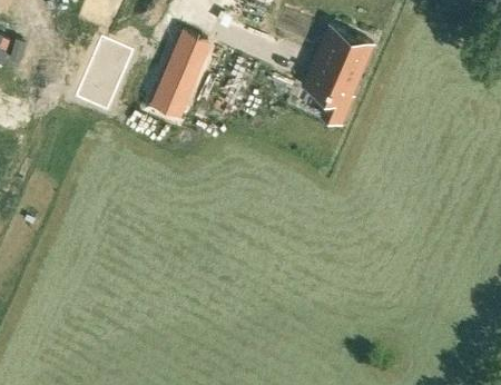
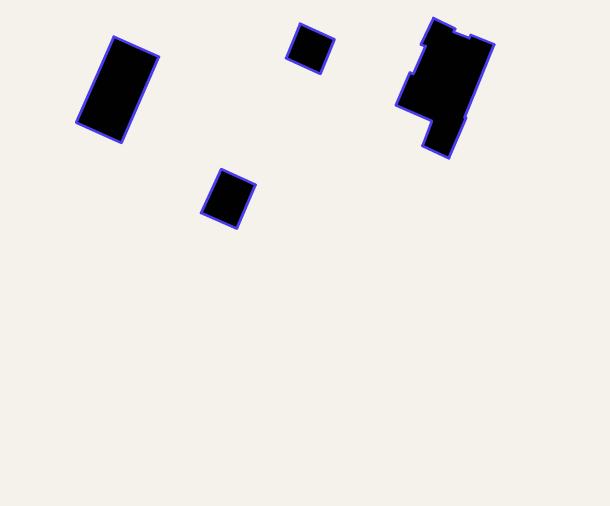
building: [175,26,209,61] -> [286,24,334,74]
building: [153,68,191,110] -> [201,169,256,228]

